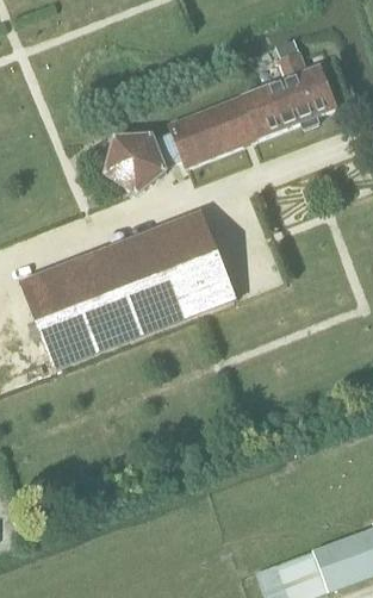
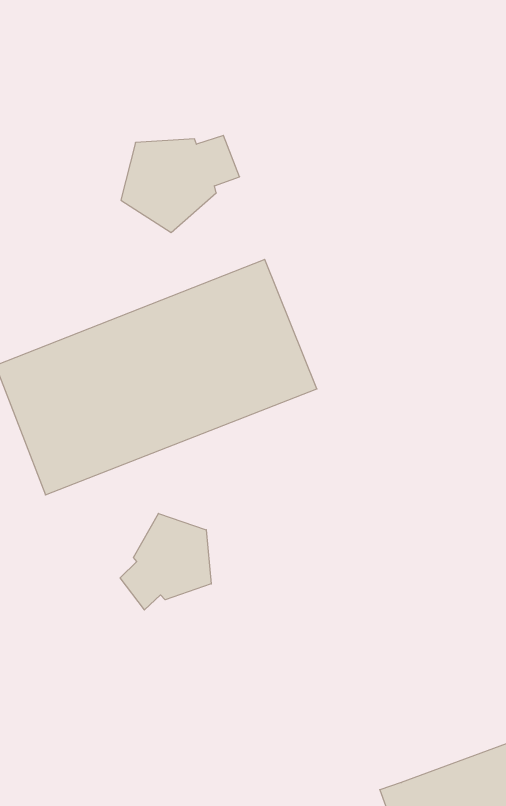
building: [170,52,337,164] -> none
building: none -> [120,513,211,610]

